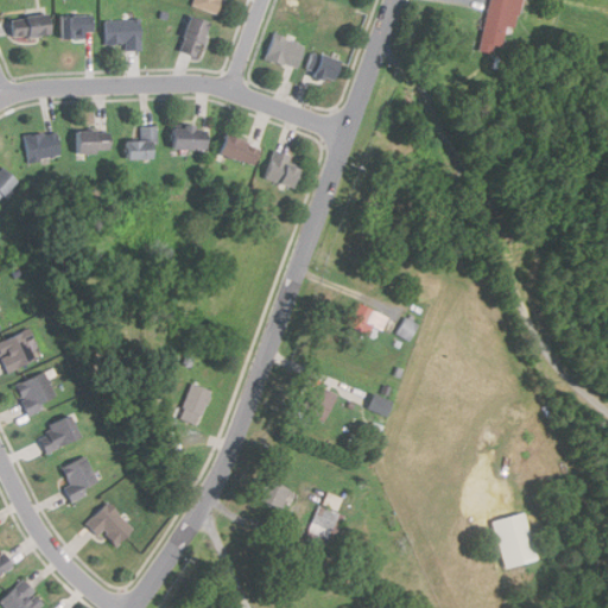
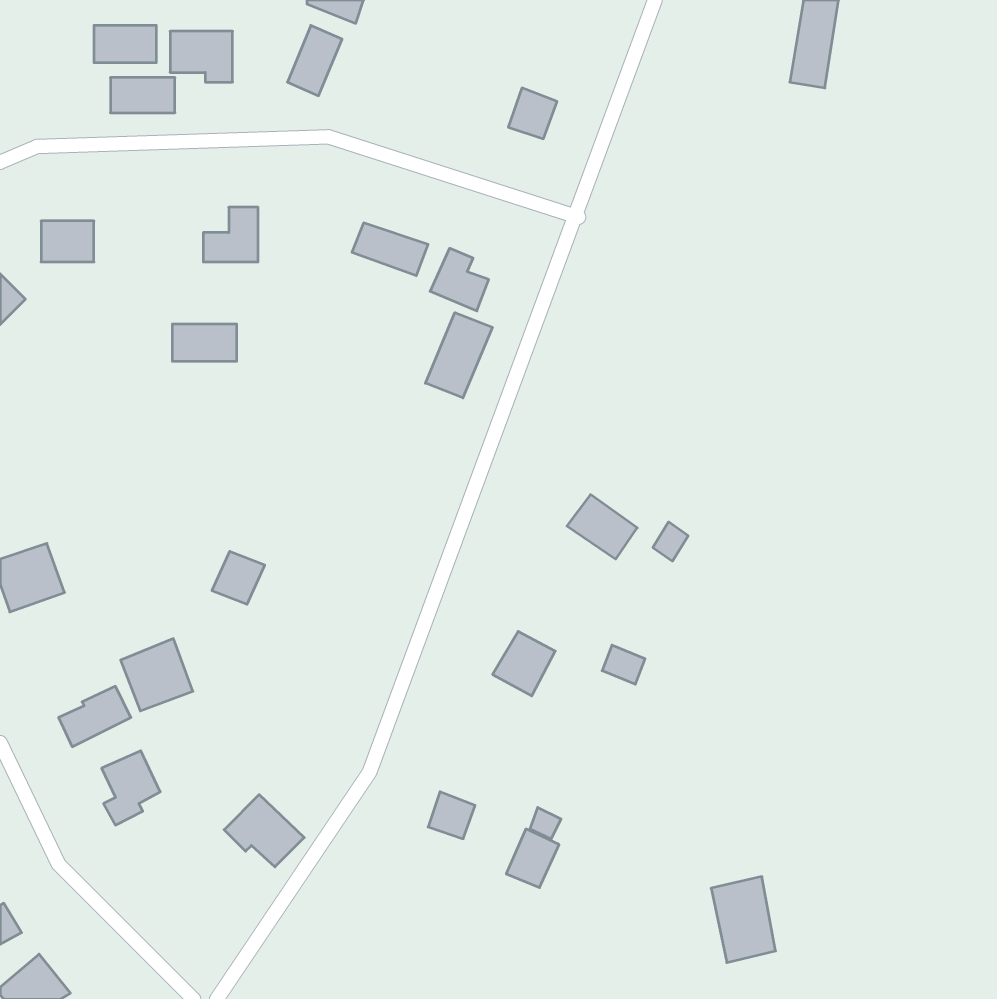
building: [11,17,50,38] -> [110,78,175,113]
building: [265,32,306,70] -> none
building: [170,126,208,150] -> none
building: [74,131,113,153] -> [172,324,237,361]
building: none -> [425,313,492,398]
building: [15,370,59,414] -> [121,639,193,711]
building: [182,384,214,416] -> [212,551,265,604]
building: [86,502,134,546] -> [224,795,304,867]
building: [494,512,533,564] -> [711,877,776,963]

